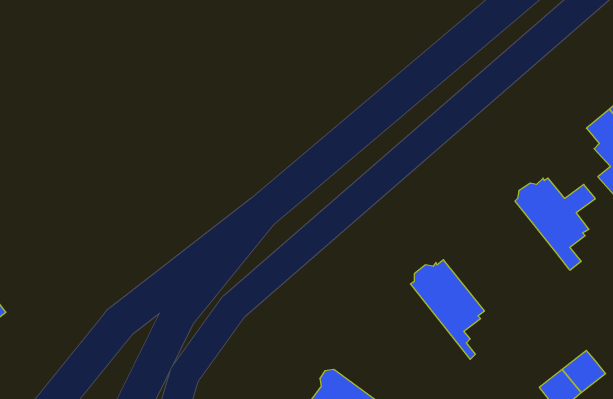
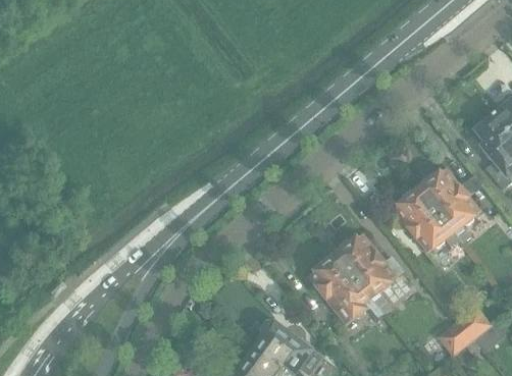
building: none -> [394,187,461,250]
building: none -> [309,254,382,324]

